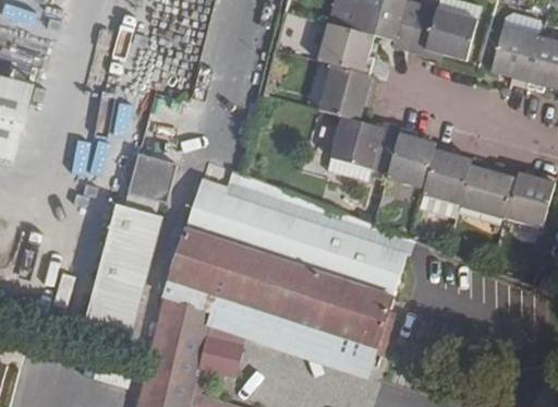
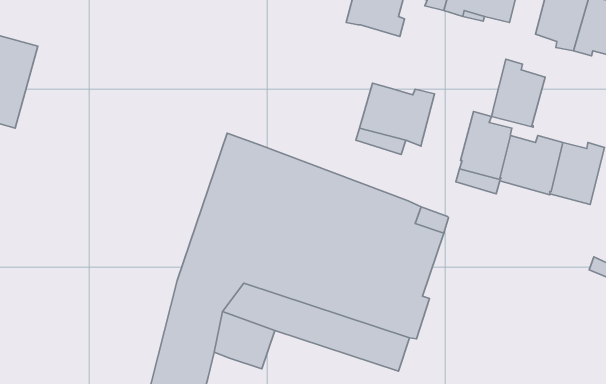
building: [317,63,375,121] -> none
building: [385,127,434,189] -> [491,59,545,127]
building: [126,153,175,202] -> none
building: [78,203,160,348] -> none

